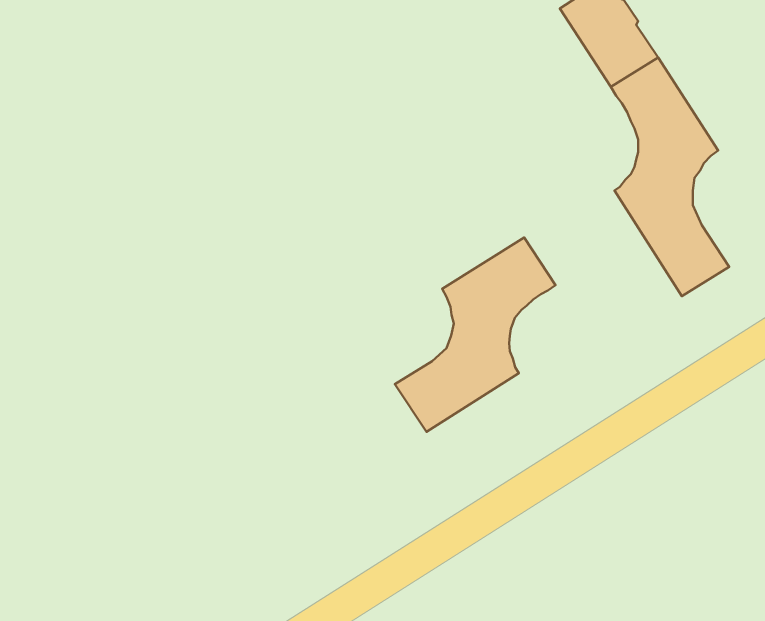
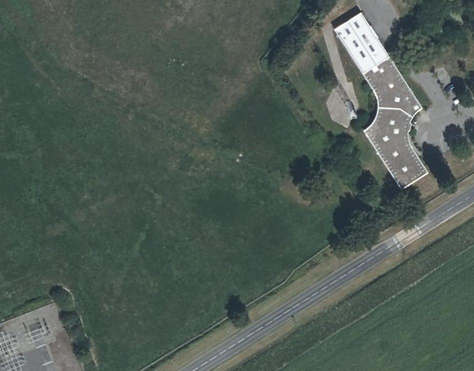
building: [395,237,555,432] -> none

